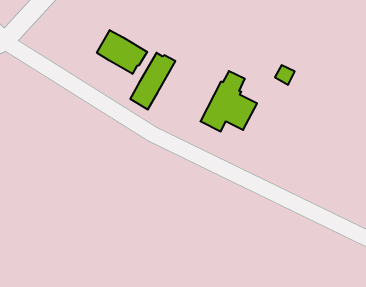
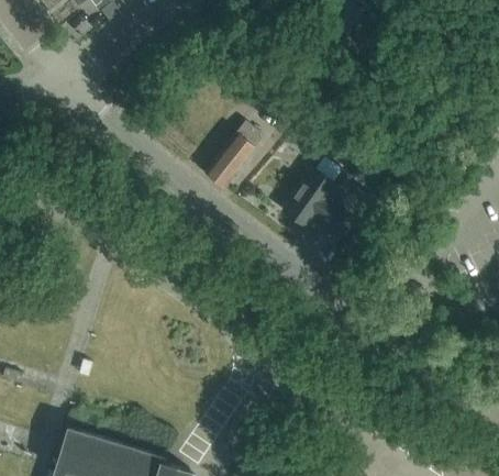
building: [97,30,147,74] -> none

